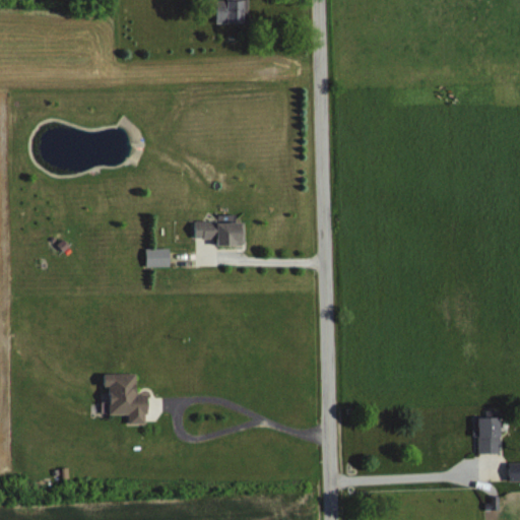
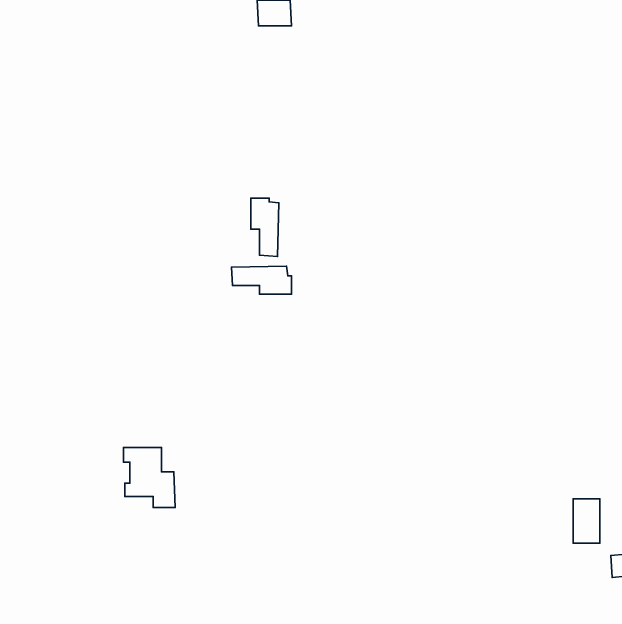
building: none -> [251,198,279,256]
building: [146,248,171,267] -> none

